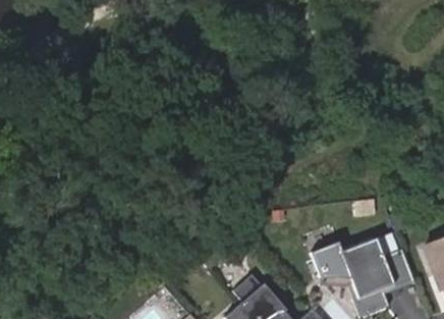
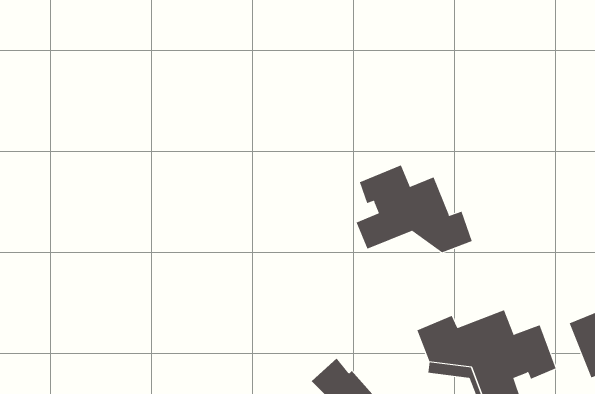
building: none -> [356,165,473,253]

